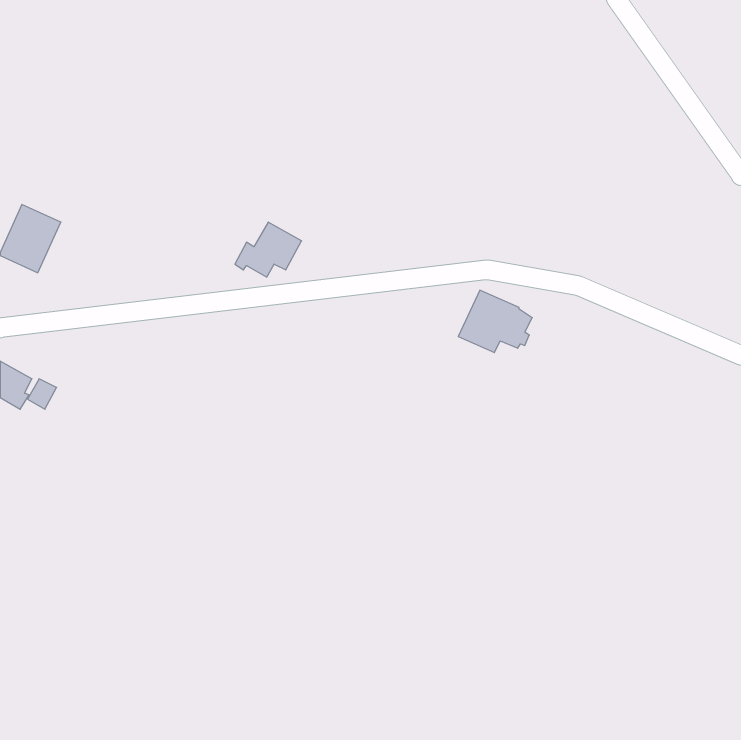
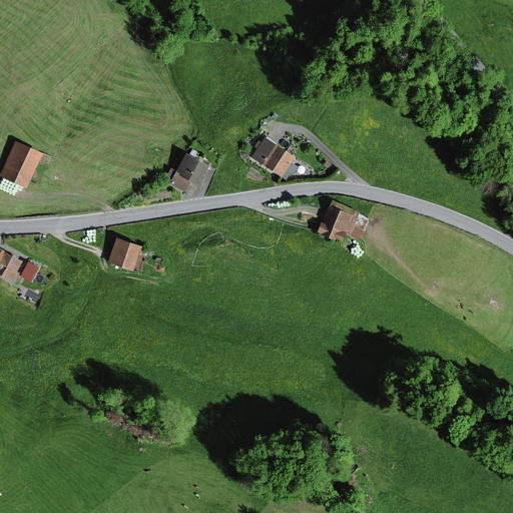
building: none -> [251,137,299,179]
building: none -> [107,237,144,272]

